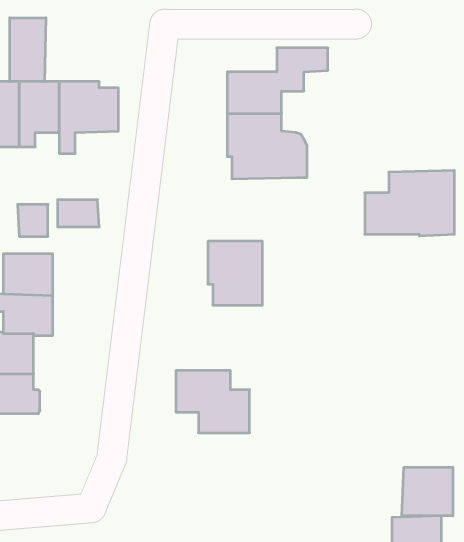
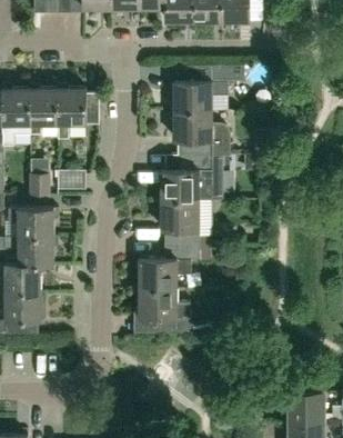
building: [10,18,46,82] -> none
building: [365,170,454,236] -> [161,156,223,201]
building: none -> [139,245,200,290]
building: [402,467,453,516] -> none

